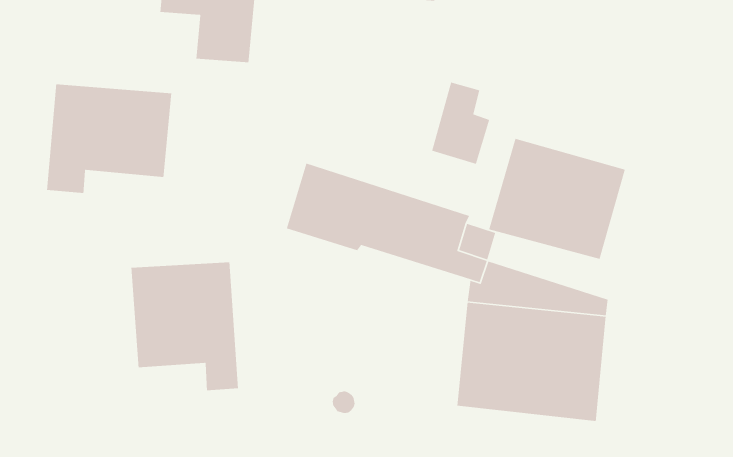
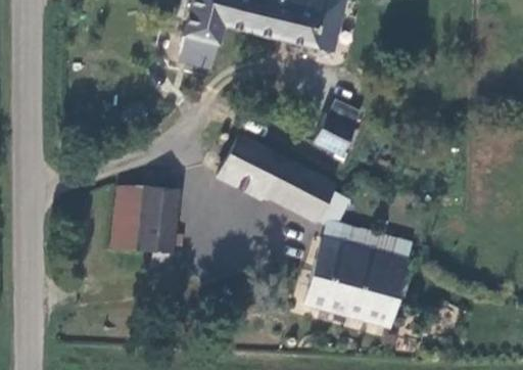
building: [46,84,172,194] -> none
building: [488,138,626,260] -> none

